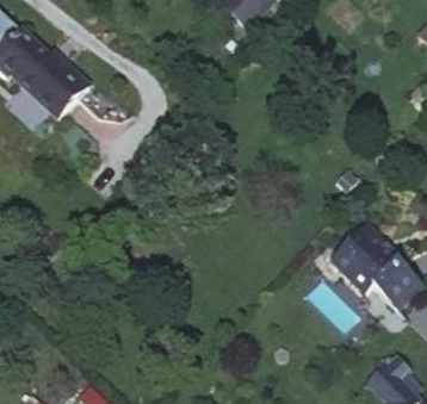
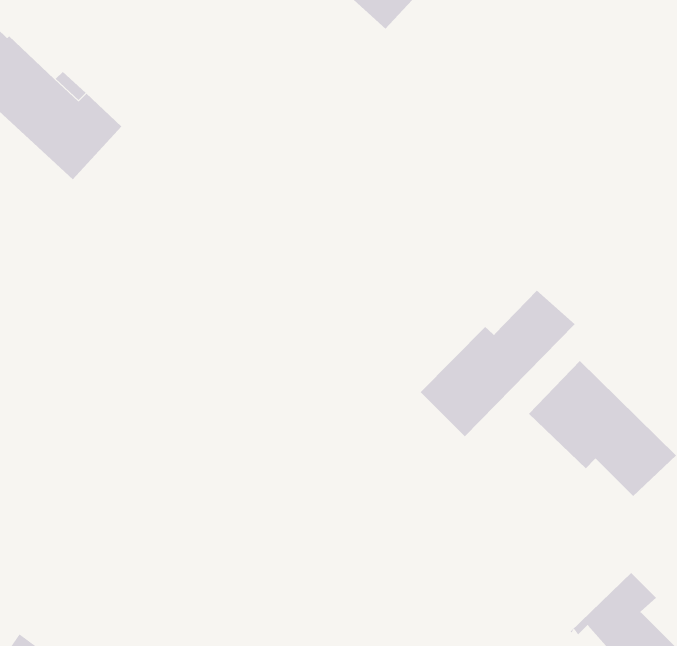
building: none -> [420,290,575,437]

